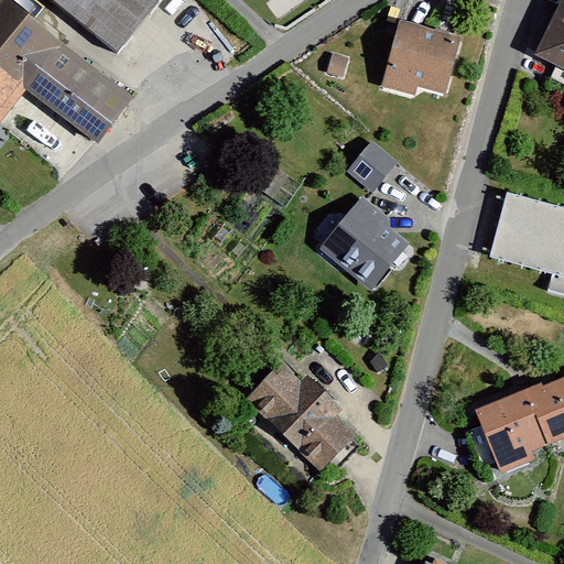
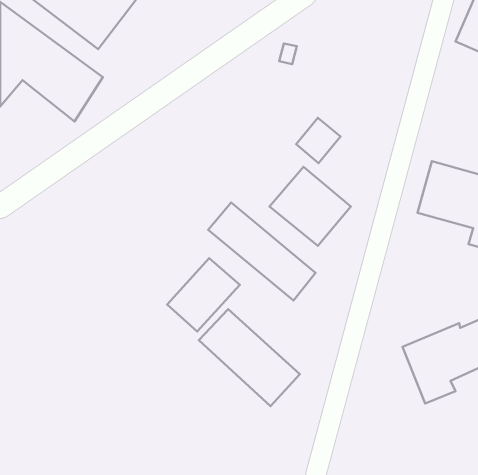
building: [381,23,460,94] -> none
building: none -> [208,202,315,300]
building: none -> [167,258,240,331]

